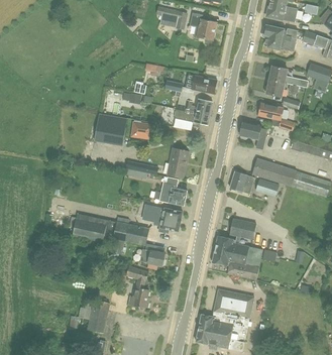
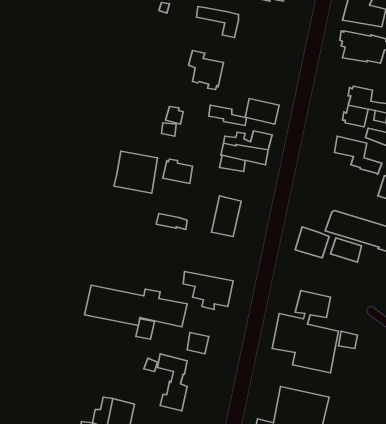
building: [190,13,216,42] -> [188,50,224,90]
building: [239,121,266,149] -> none
building: [159,176,187,206] -> none

